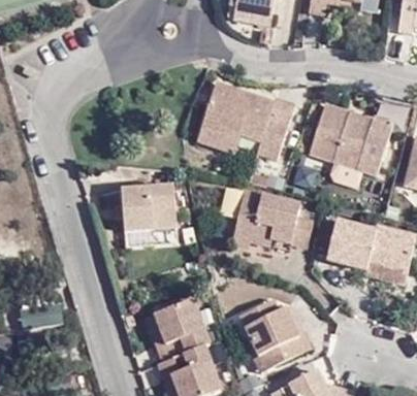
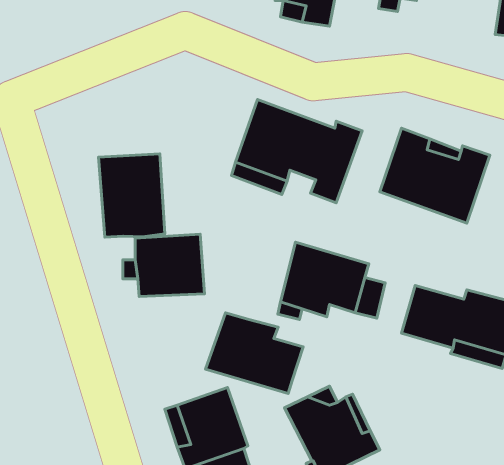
building: none -> [99,154,165,237]
building: none -> [206,313,303,394]

